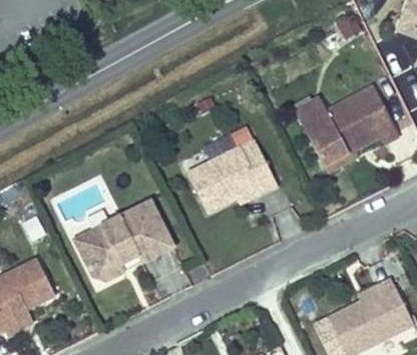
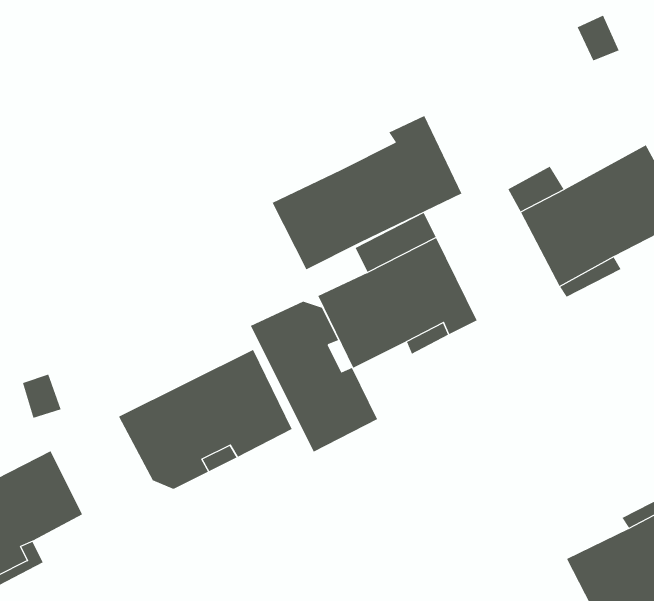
building: none -> [272,115,462,270]
building: none -> [250,301,378,452]

